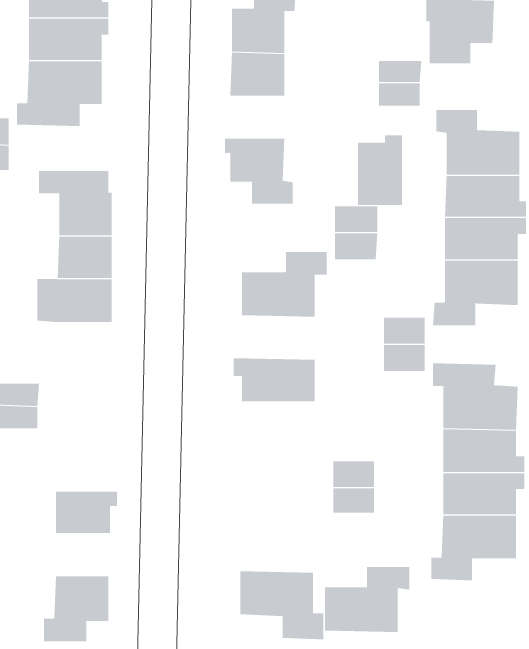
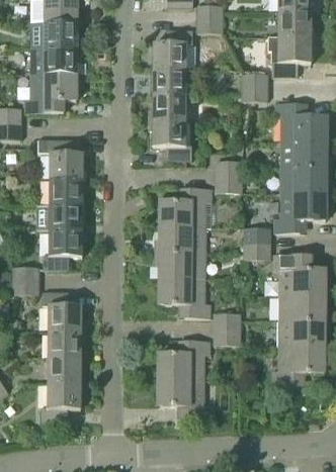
building: none -> [149,95,185,120]
building: [358,135,402,206] -> none
building: none -> [154,226,203,253]
building: none -> [43,230,82,269]
building: none -> [159,278,209,317]
building: none -> [41,292,85,332]
building: none -> [48,357,81,382]
building: [324,567,410,632] -> [158,341,209,380]

